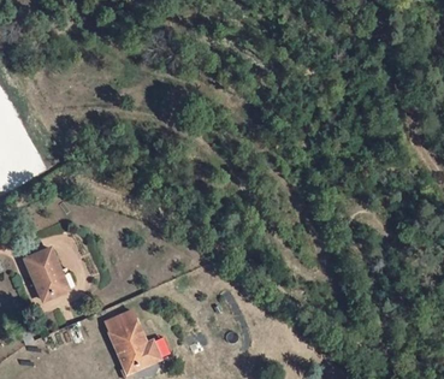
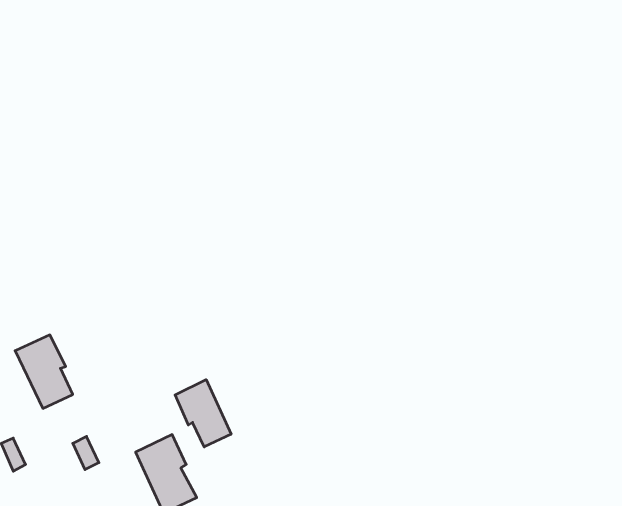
building: none -> [175,380,231,447]

